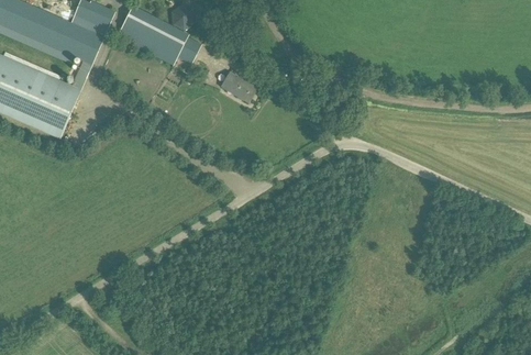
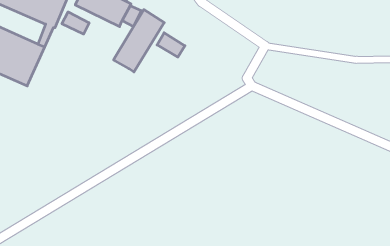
building: none -> [114,10,164,72]
building: none -> [62,12,89,34]

